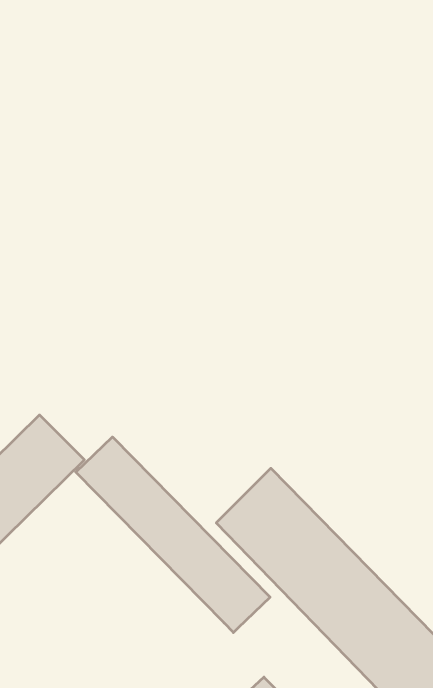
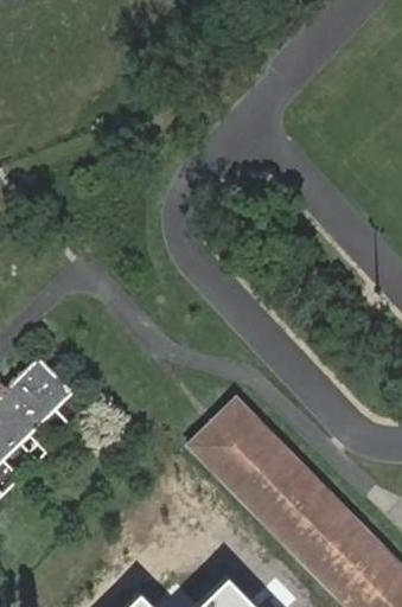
building: [76,437,270,633] -> none

